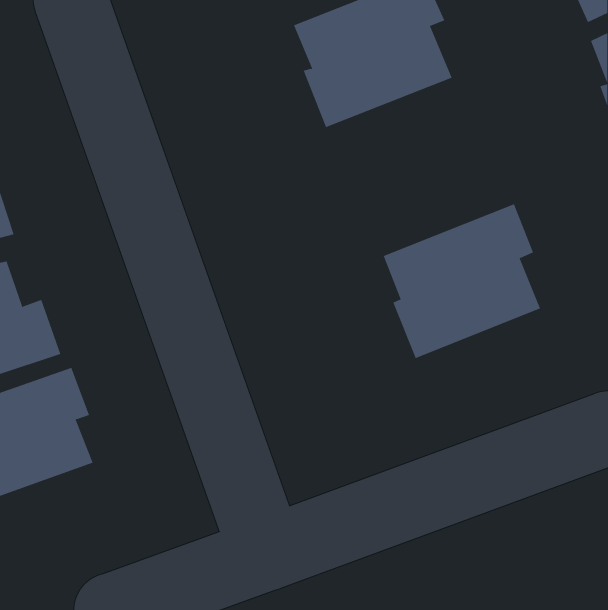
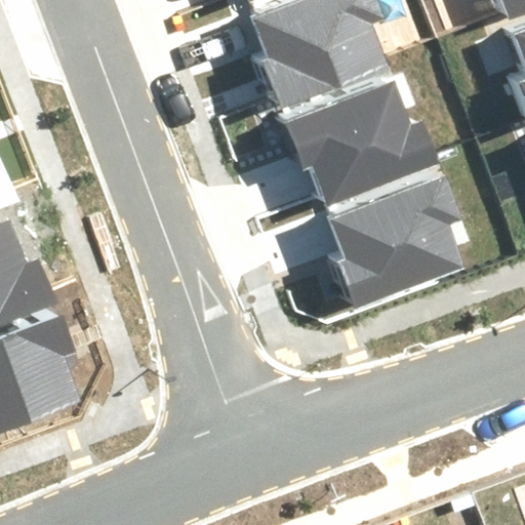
building: none -> [287,82,441,207]

